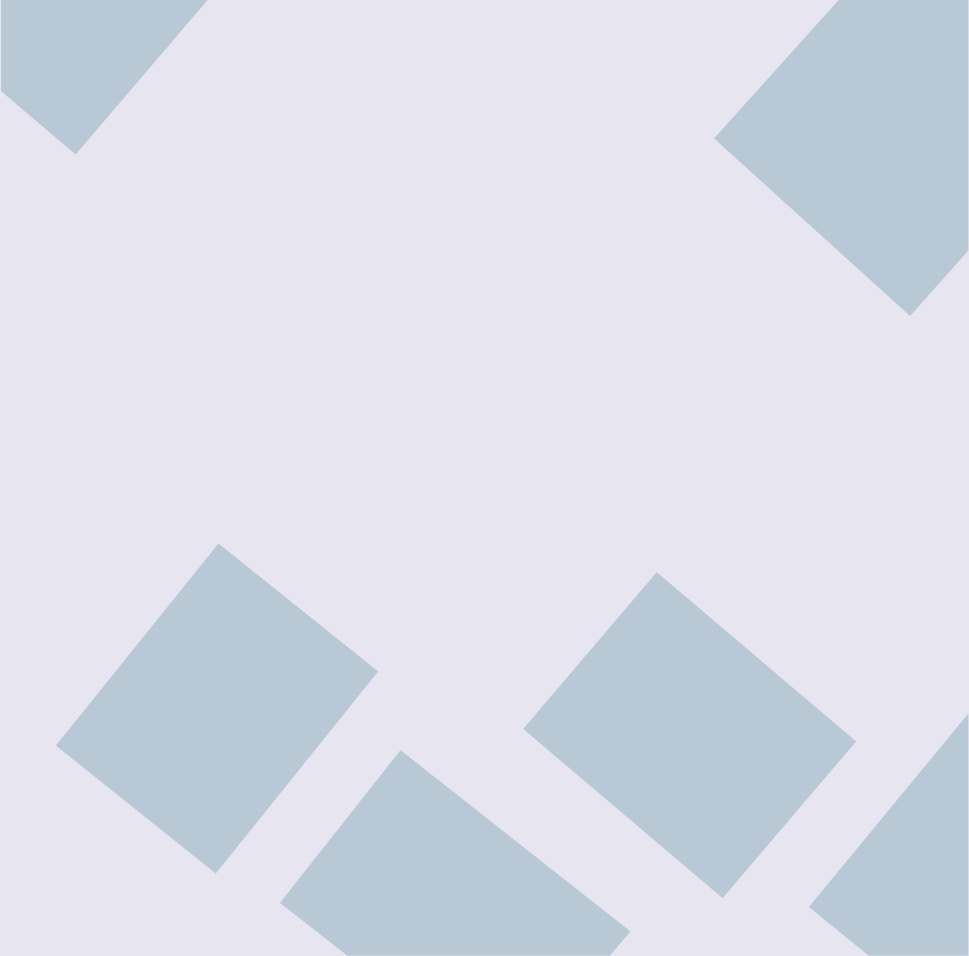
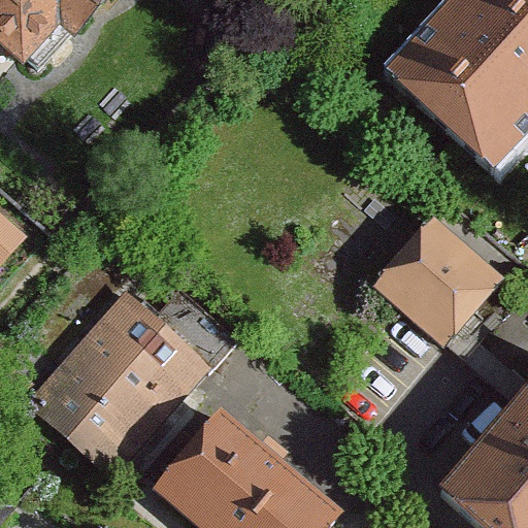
building: none -> [375,216,502,342]
building: [522,571,857,899] -> none

